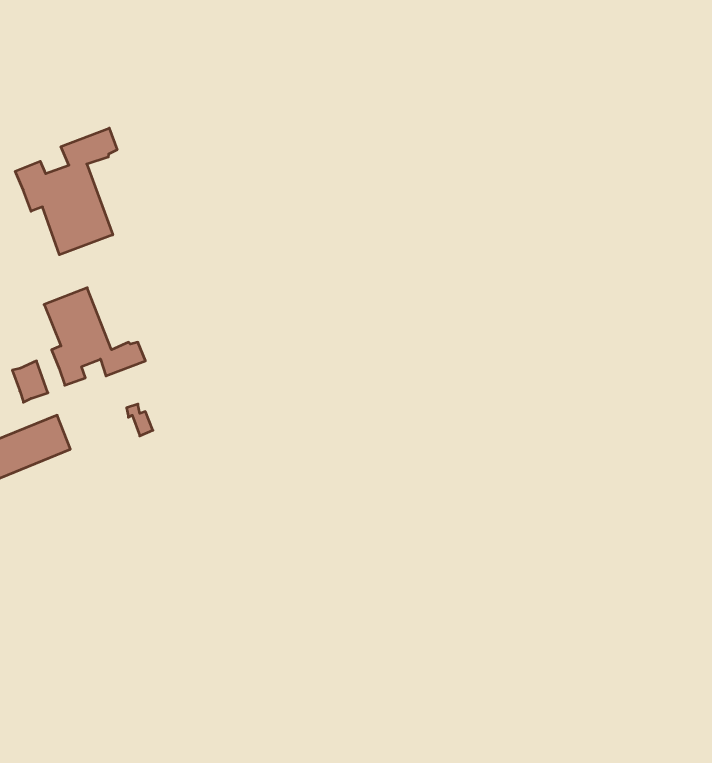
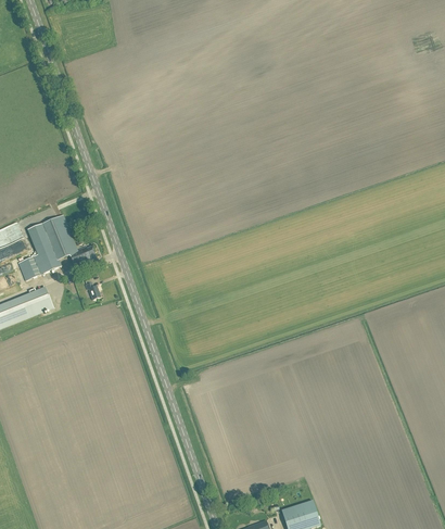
building: [15,128,117,255] -> none

